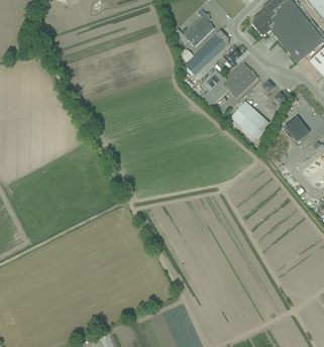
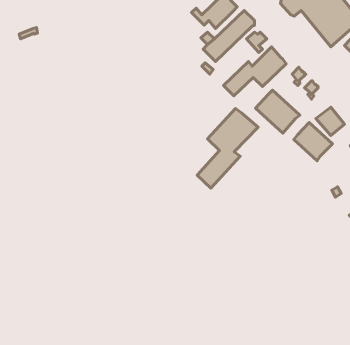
building: none -> [197,108,258,188]
building: none -> [294,122,332,161]

